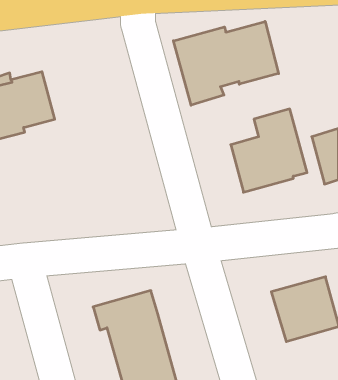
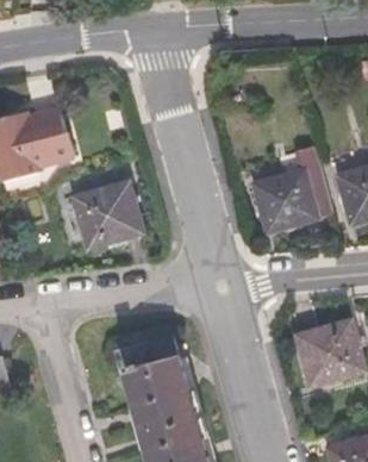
building: [173,21,279,105] -> none
building: none -> [71,182,142,249]

